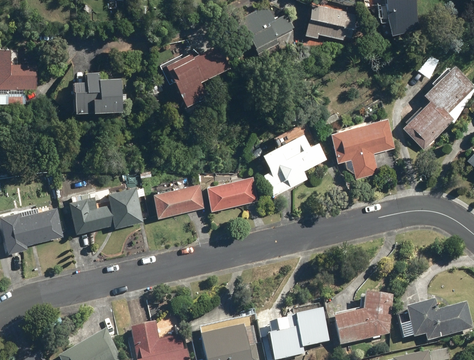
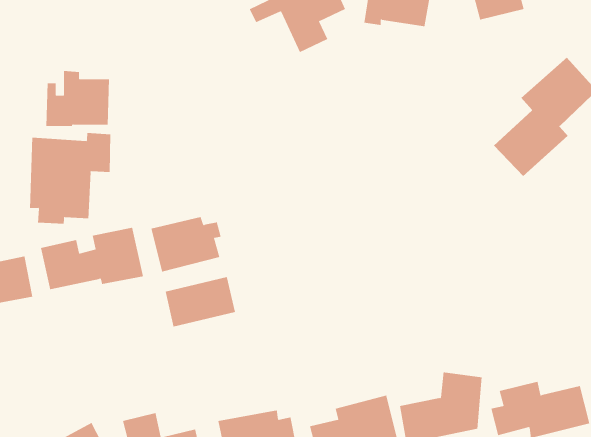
building: [171,47,229,104] -> none
building: none -> [30,132,111,224]
building: [329,117,395,179] -> none
building: [261,133,326,196] -> none
building: [206,175,258,212] -> [165,277,236,327]

